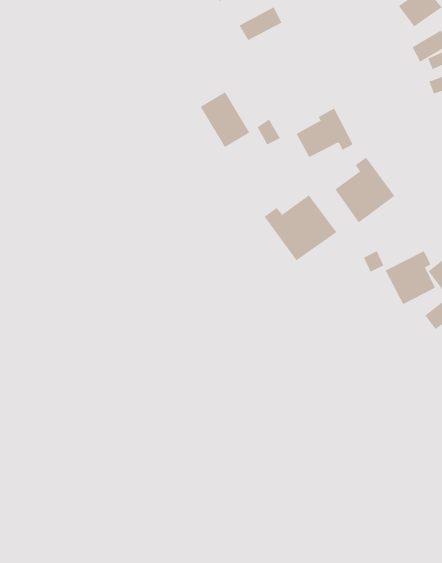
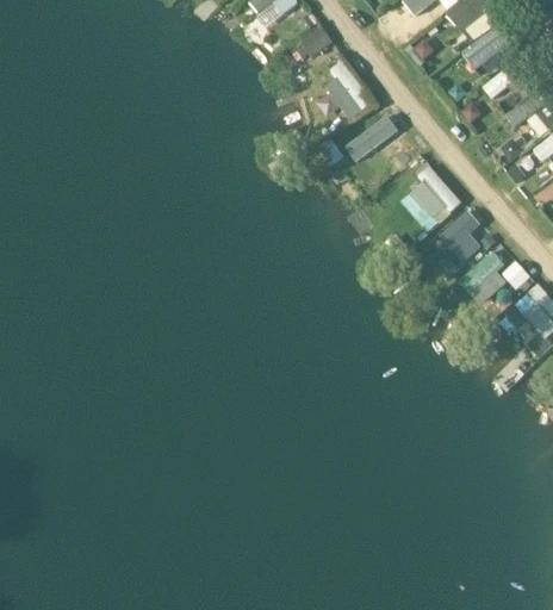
building: [200,91,250,148] -> [321,62,373,118]
building: [264,194,337,261] -> none
building: none -> [439,207,481,261]

